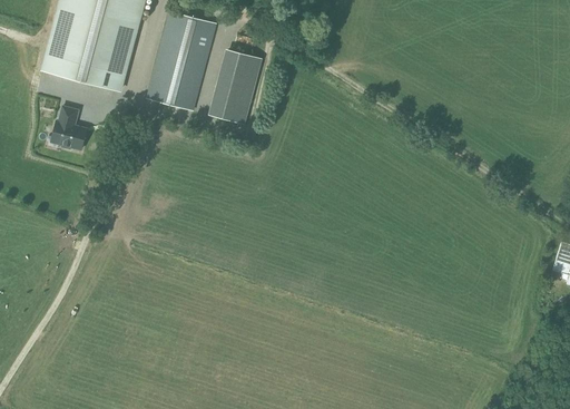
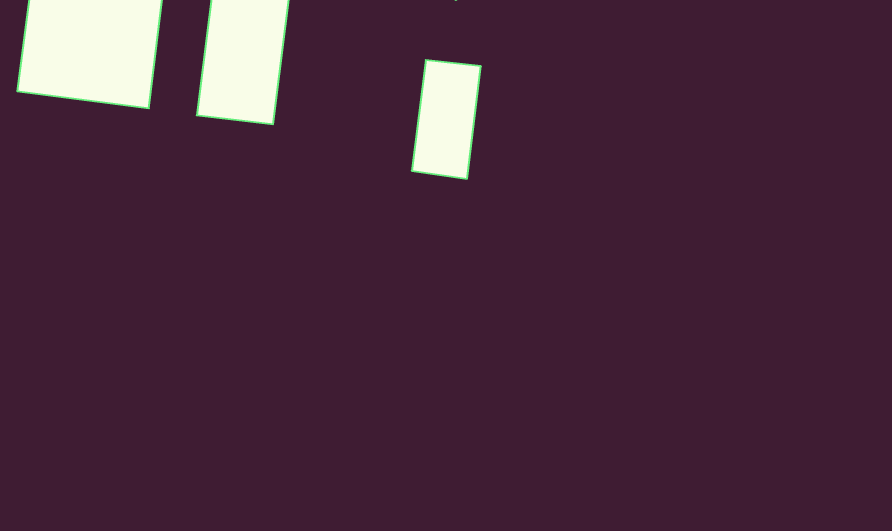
building: [212,50,261,124] -> [412,60,481,179]
building: [55,107,88,150] -> none

